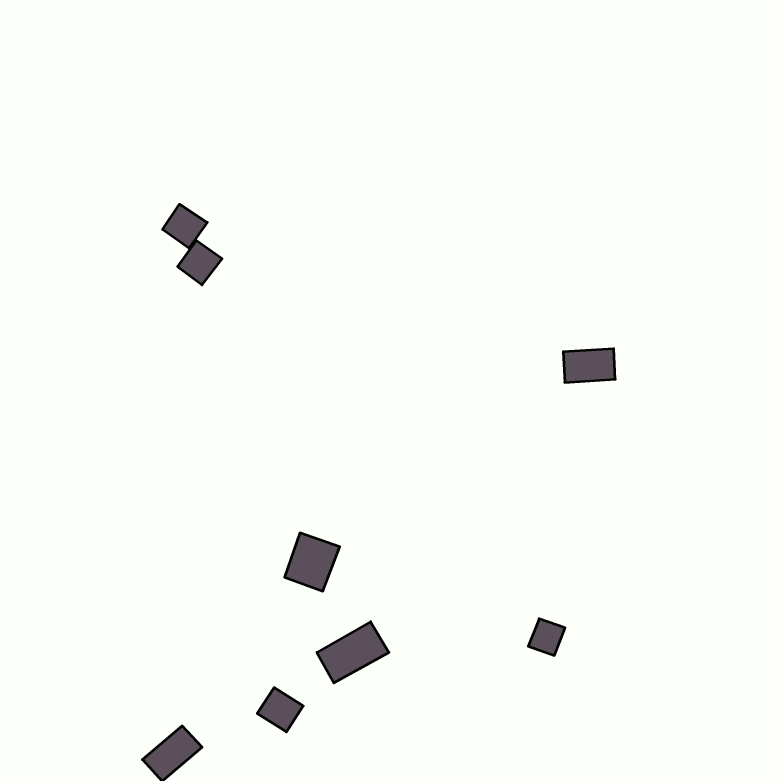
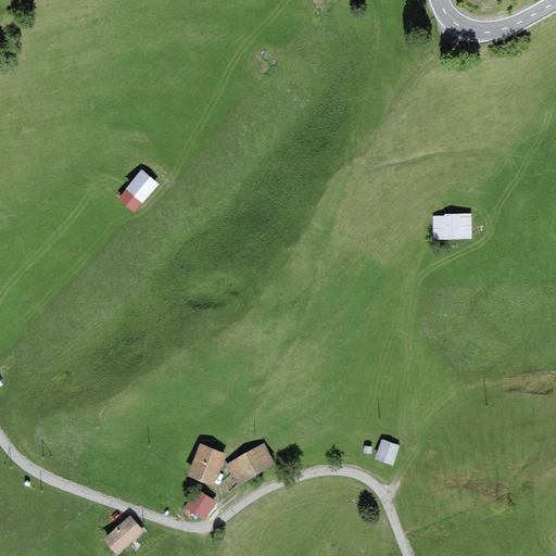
building: [163,204,207,248] -> none
building: [563,349,615,382] -> [431,216,468,240]
building: [285,533,340,591] -> [187,443,226,484]

